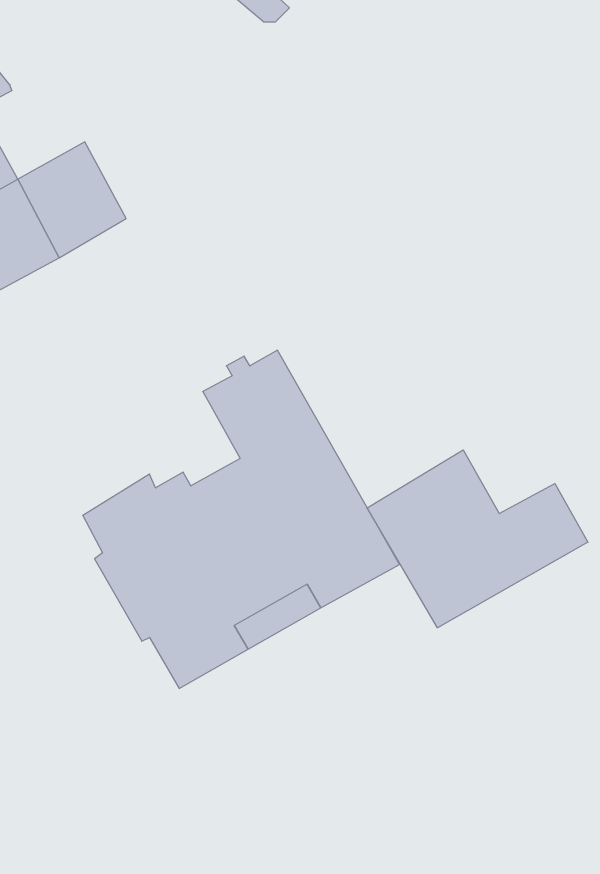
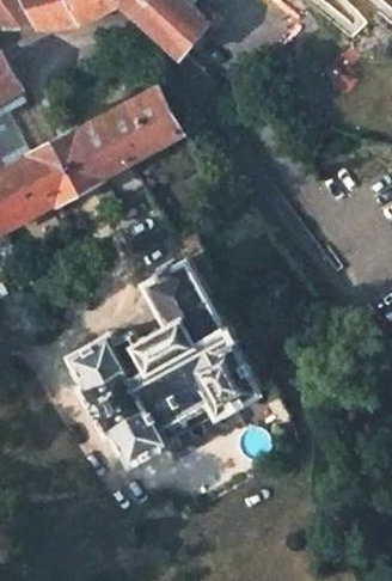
building: none -> [69,81,194,178]
building: [367,450,588,628] -> none

